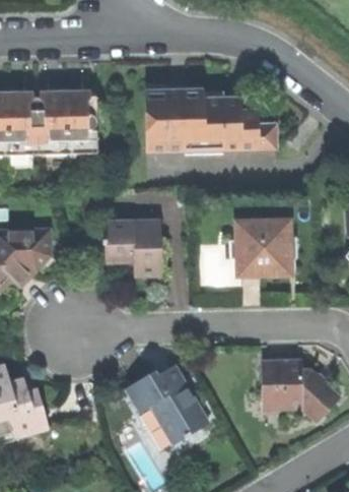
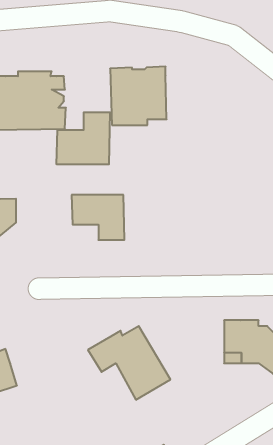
building: [204,98,276,150] -> none
building: none -> [57,112,110,164]
building: [236,221,298,276] -> none

